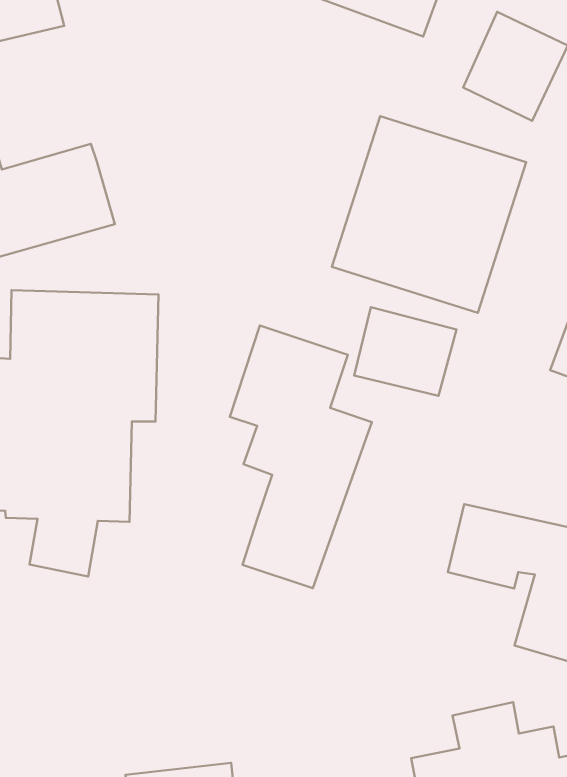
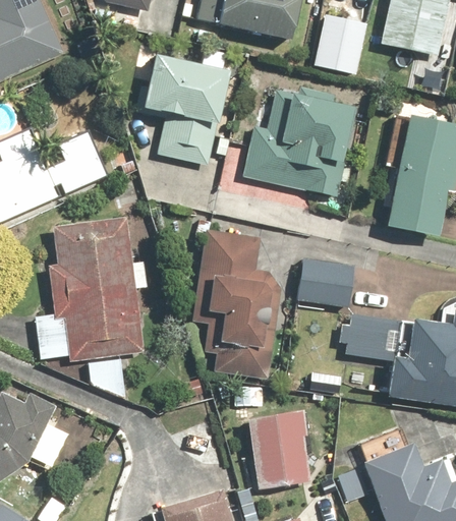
building: none -> [142,51,233,171]
building: [354,307,456,396] -> [295,259,353,307]
building: none -> [245,407,317,489]

